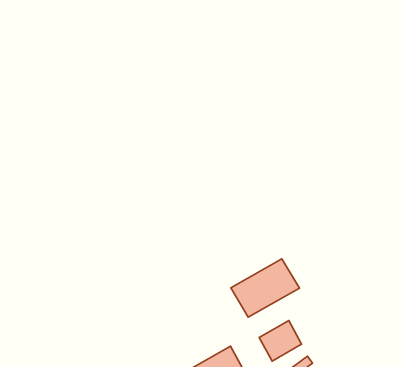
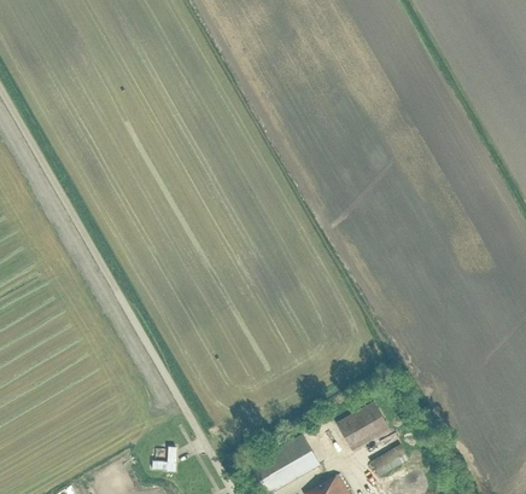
building: [231,259,299,317] -> none

